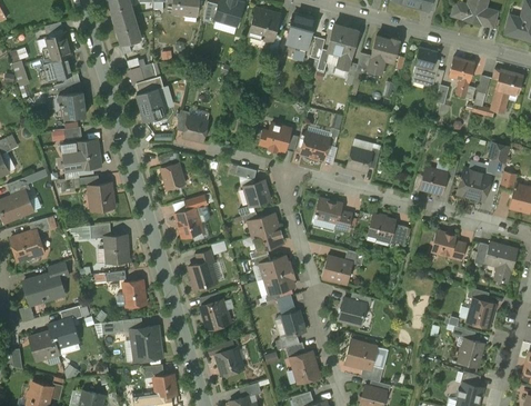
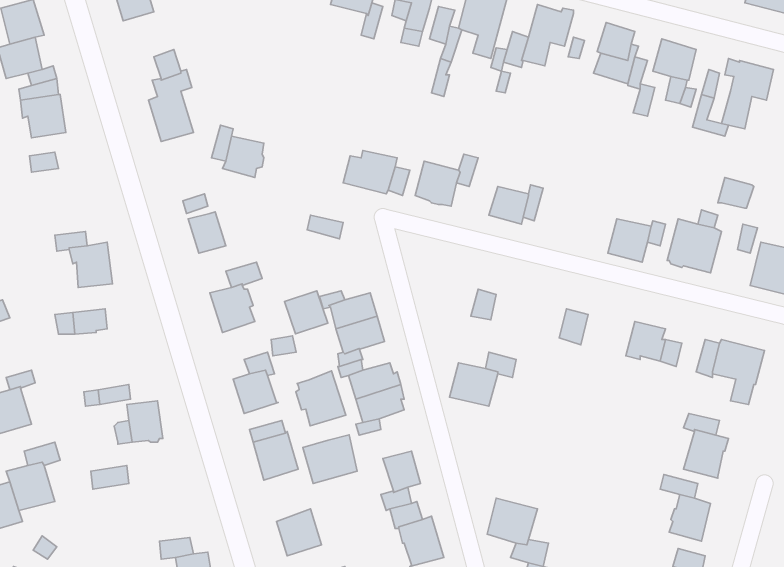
building: [73,140,100,169] -> none
building: [243,180,270,207] -> [285,291,328,334]
building: [314,198,342,224] -> none
building: [367,215,395,242] -> none
building: [104,235,129,263] -> none
building: none -> [296,371,346,426]
building: [338,298,365,326] -> none
building: none -> [303,435,357,484]
building: [131,326,162,360] -> none

